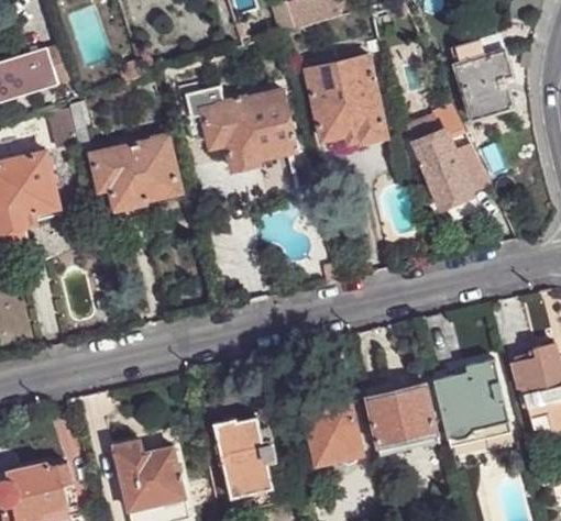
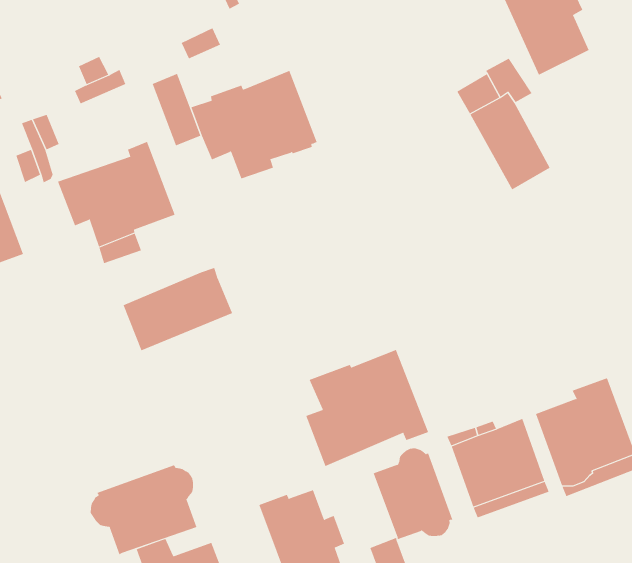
building: [305,56,385,142] -> none
building: none -> [123,267,233,351]
building: none -> [305,349,429,467]
building: none -> [90,464,197,555]

